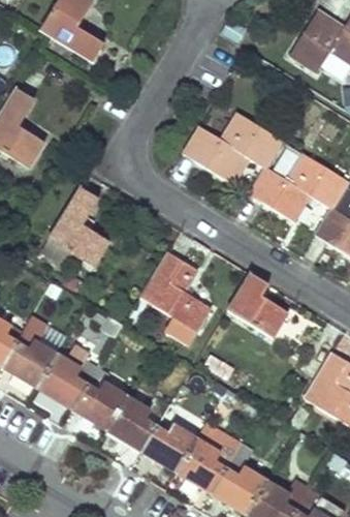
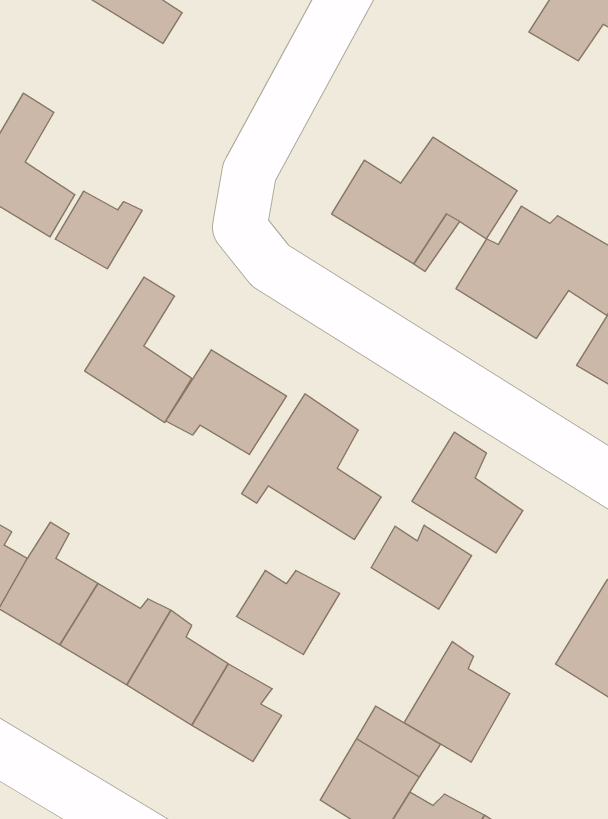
building: none -> [55,191,142,269]
building: none -> [166,350,287,455]
building: none -> [371,525,472,609]
building: none -> [404,641,510,762]
building: [140,424,196,469] -> [236,570,340,655]

